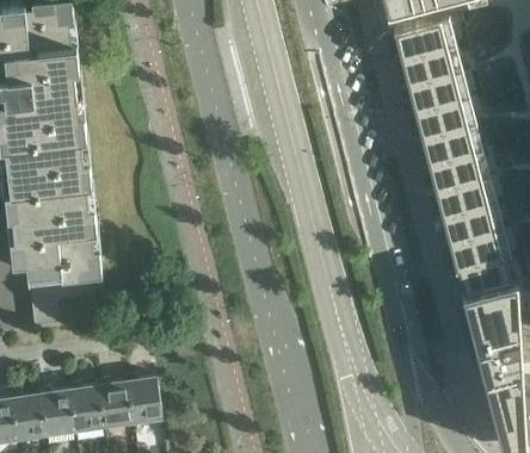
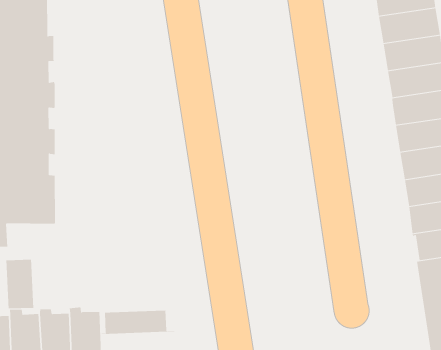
building: none -> [6,259,34,309]
building: none -> [101,309,175,335]

